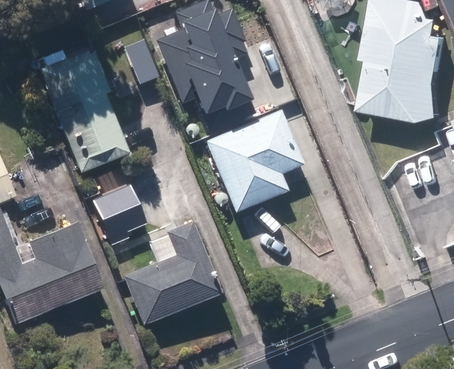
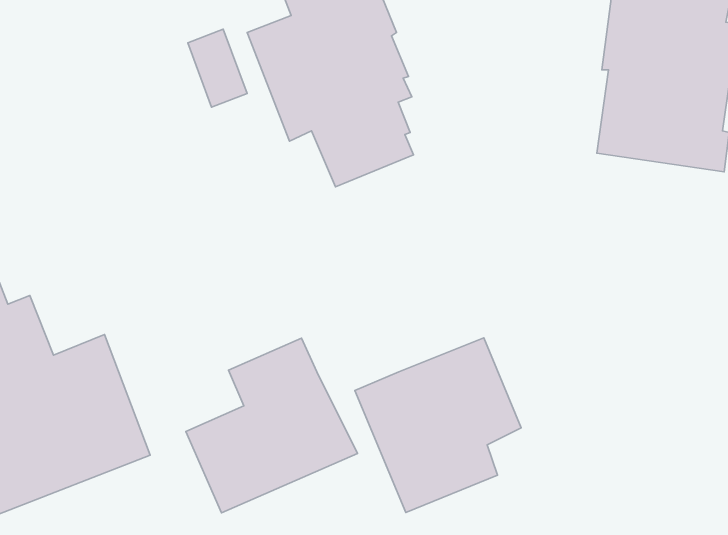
building: [36,45,129,175] -> none
building: [205,111,303,214] -> [355,338,521,513]
building: [90,170,144,241] -> none

